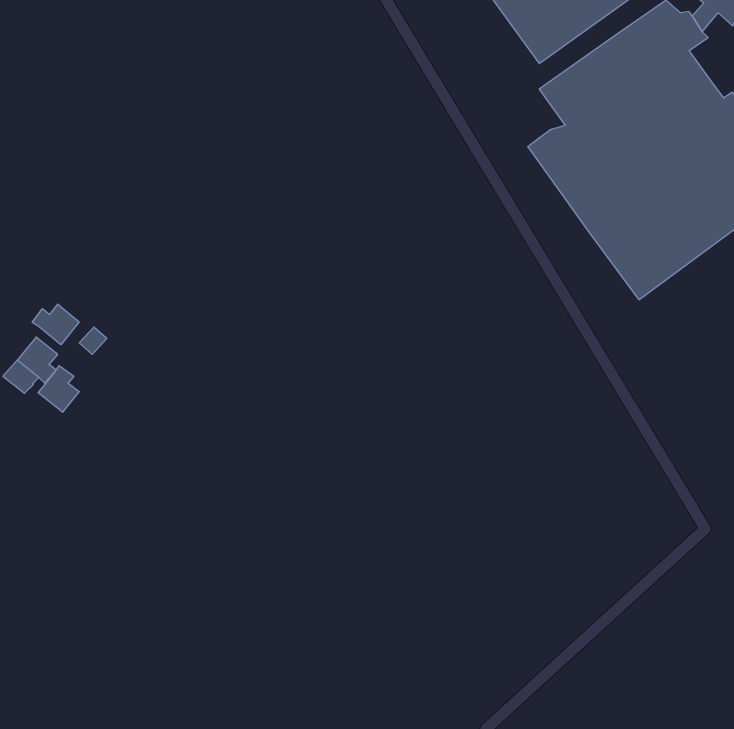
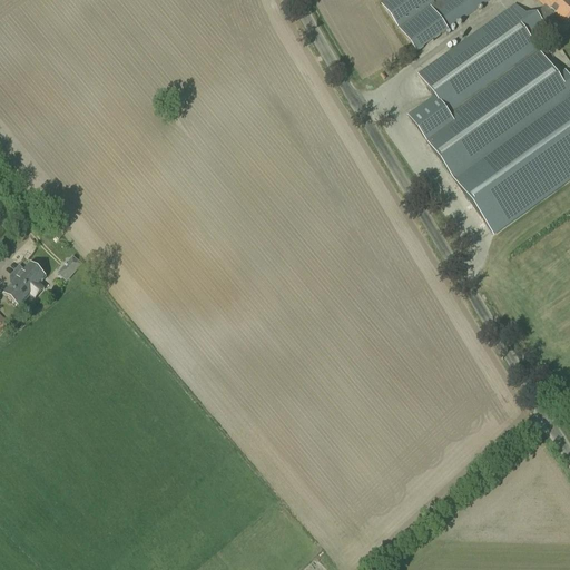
building: [32,304,79,345] -> none
building: [38,366,79,412] -> none

